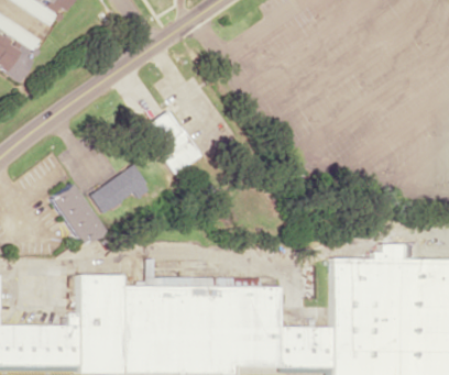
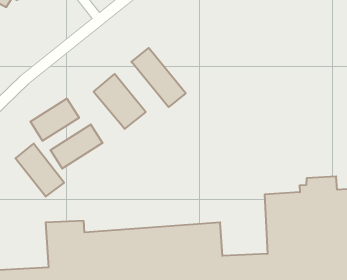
building: none -> [131,48,186,107]
building: none -> [30,98,79,141]

